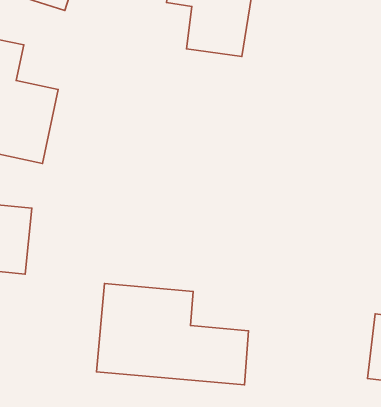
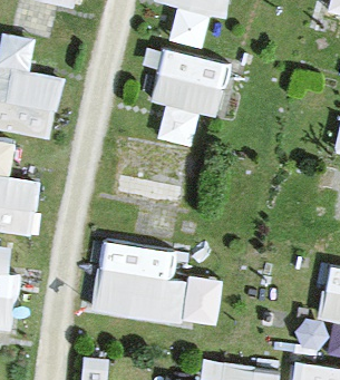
building: none -> [152,48,223,147]

